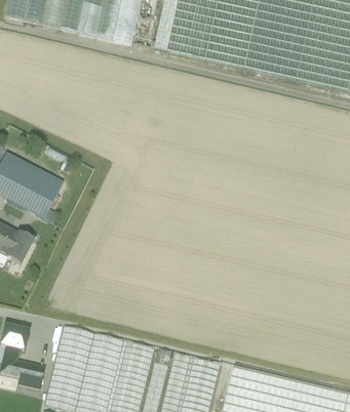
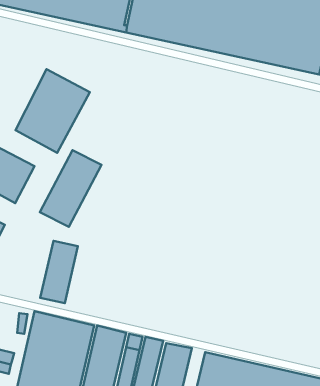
building: none -> [15,69,90,153]
building: none -> [40,150,101,227]
building: none -> [40,241,78,303]

